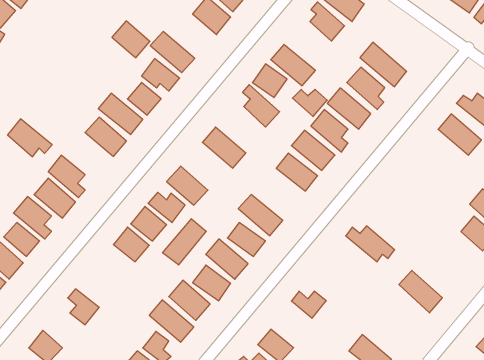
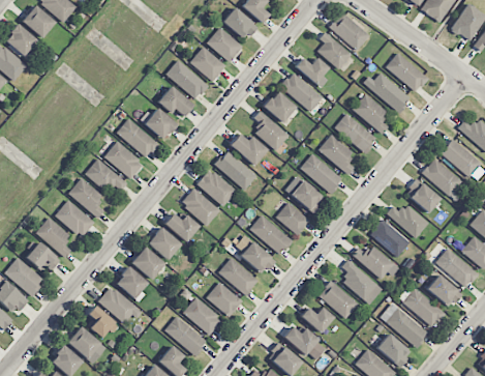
building: [112,21,150,58] -> [189,46,225,81]
building: none -> [386,52,427,92]
building: [292,89,327,117] -> [295,57,328,83]
building: none -> [230,133,267,165]
building: [8,119,52,157] -> [85,157,127,194]
building: none -> [421,157,464,198]
building: none -> [196,168,236,206]
building: none -> [404,178,439,212]
building: none -> [276,201,309,235]
building: none -> [386,204,429,237]
building: none -> [369,218,411,256]
building: [163,219,206,265] -> none
building: none -> [434,249,478,287]
building: none -> [341,259,383,303]
building: none -> [115,266,148,298]
building: none -> [426,274,461,307]
building: none -> [319,281,358,318]
building: none -> [98,285,140,324]
building: none -> [381,302,427,347]
building: none -> [67,325,105,364]
building: none -> [283,325,326,360]
building: none -> [375,332,411,367]

